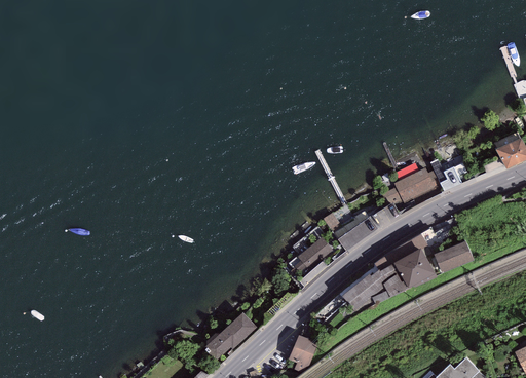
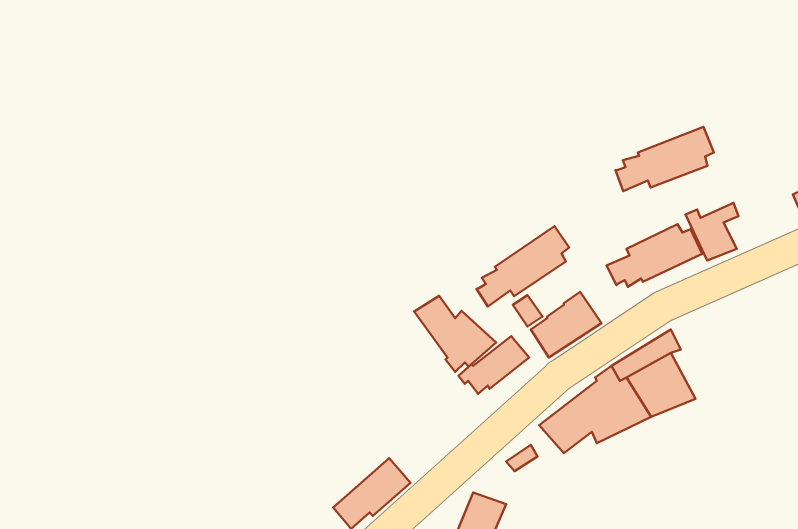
building: none -> [616,127,714,191]
building: none -> [477,226,569,307]
building: none -> [414,296,496,372]
building: [434,240,474,272] -> none

